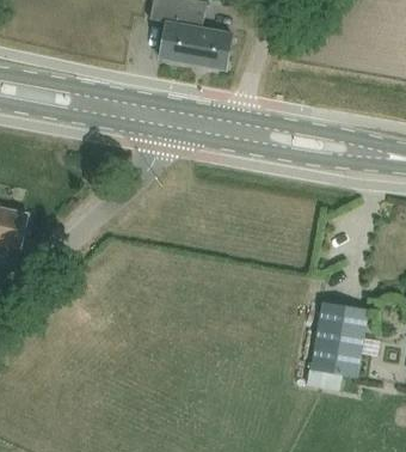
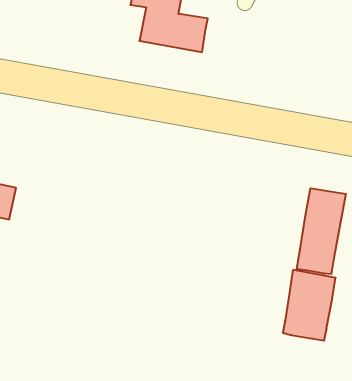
building: none -> [297,188,346,274]

